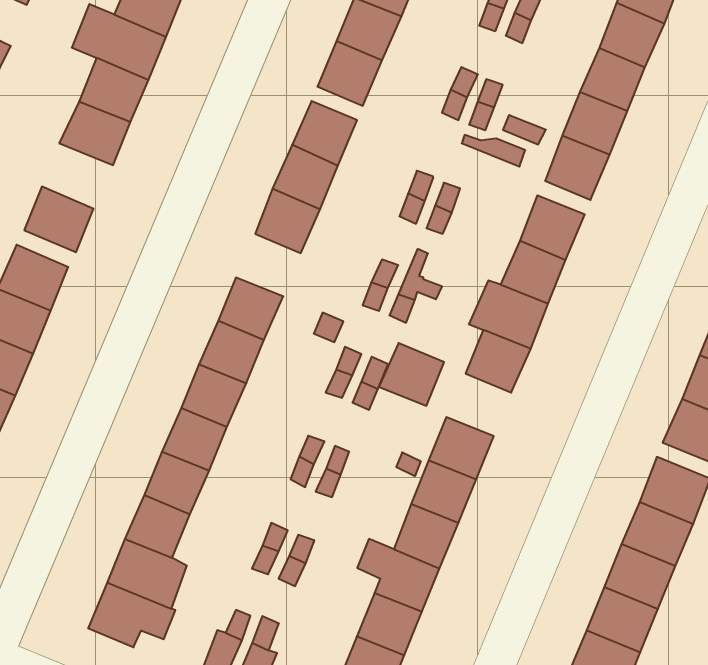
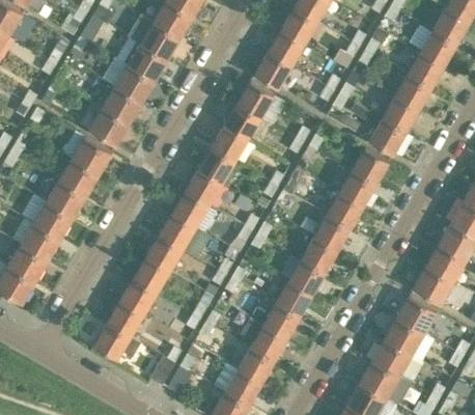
building: none -> [102,86,141,123]
building: none -> [198,148,234,184]
building: [379,343,444,406] -> [300,238,336,273]

